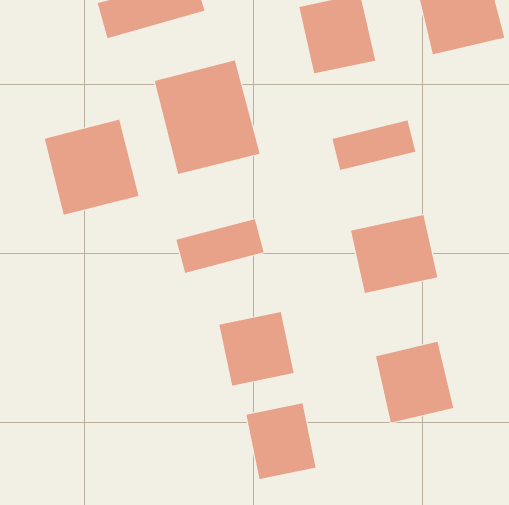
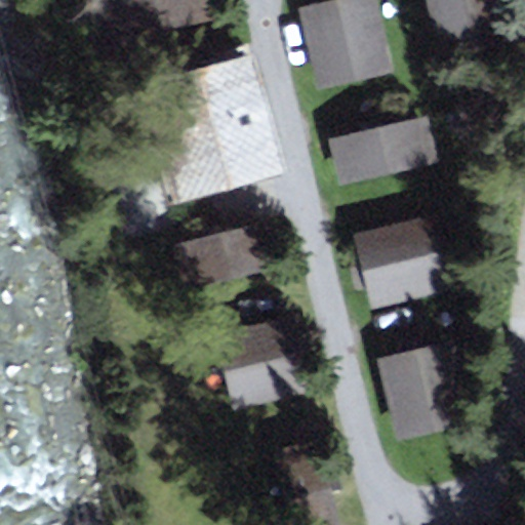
building: [44,119,139,216] -> none
building: [246,402,316,480] -> none

